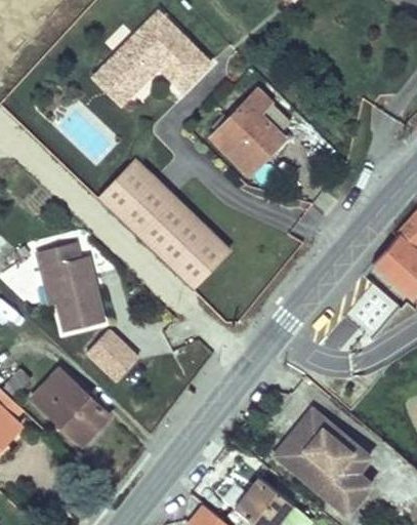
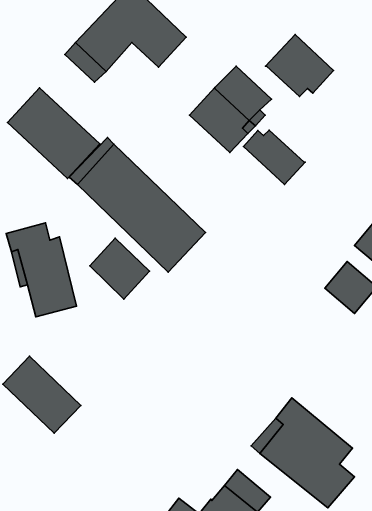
building: none -> [265,35,333,96]
building: none -> [7,88,100,179]
building: none -> [244,130,305,185]
building: [80,325,137,383] -> [90,238,149,299]

